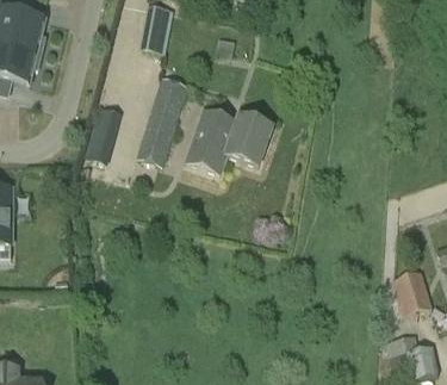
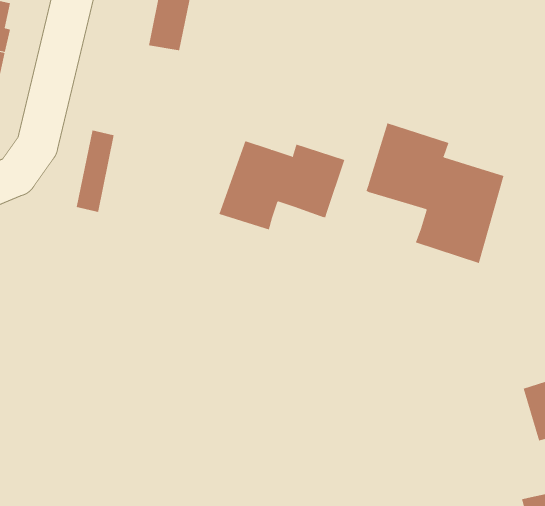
building: [137,76,188,164] -> none
building: none -> [366,123,504,264]

